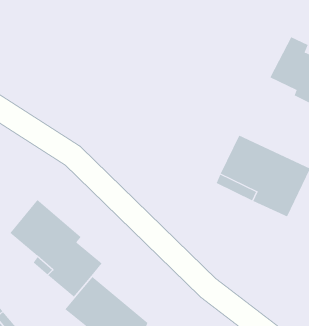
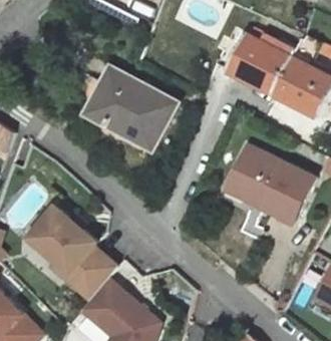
building: none -> [225,32,294,90]
building: none -> [86,67,177,148]

